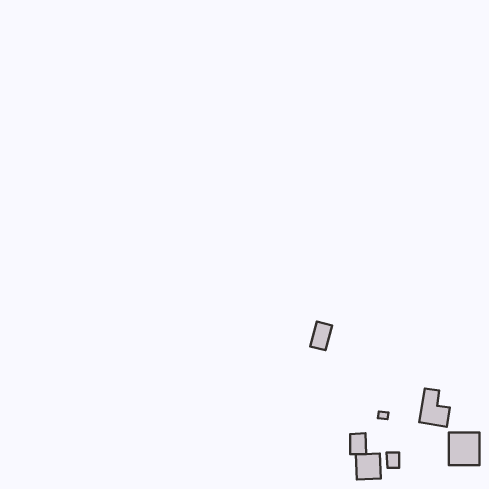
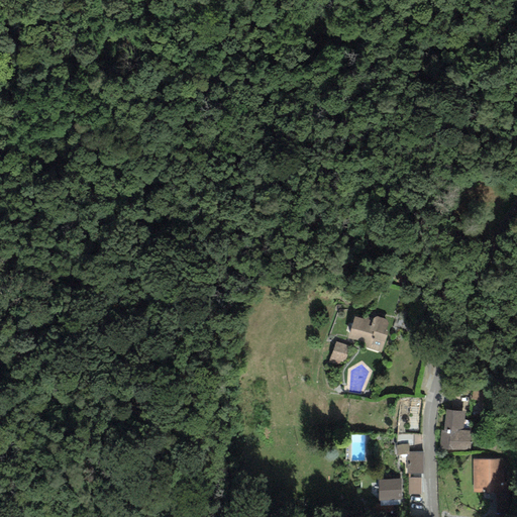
building: none -> [348,313,392,352]
building: [350,433,366,454] -> [407,450,424,473]

